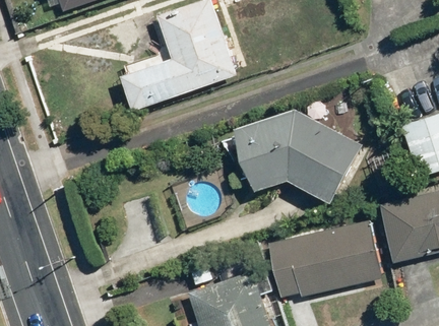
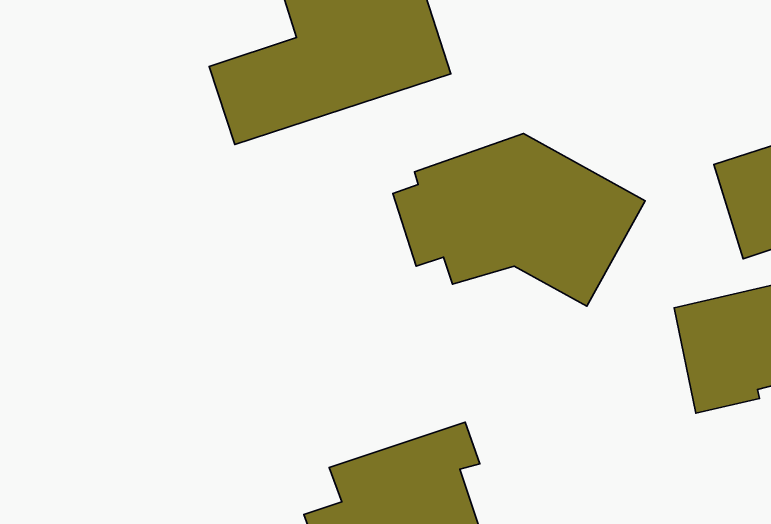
building: [266,219,382,299] -> none

